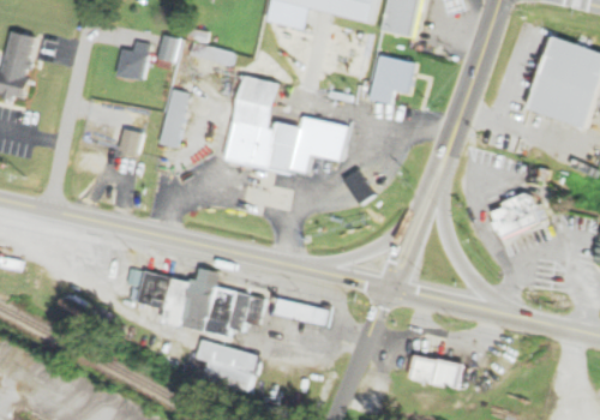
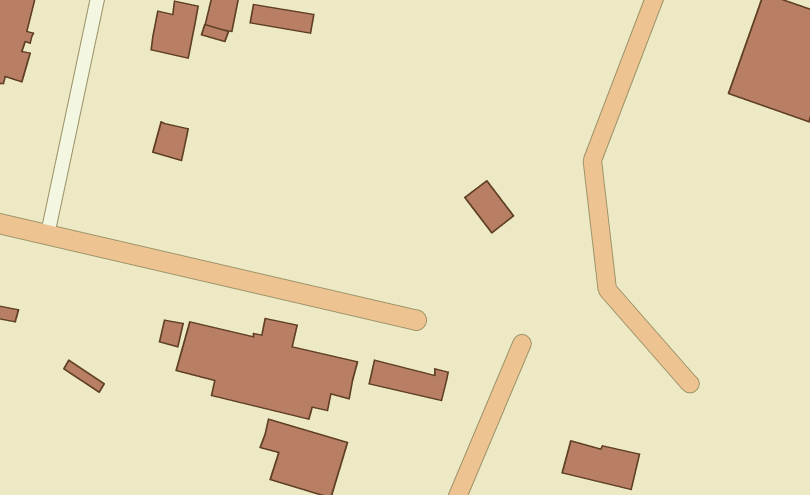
building: [367,56,415,104] -> none
building: [223,74,344,175] -> none
building: [157,89,191,149] -> none
building: [487,191,542,238] -> none

